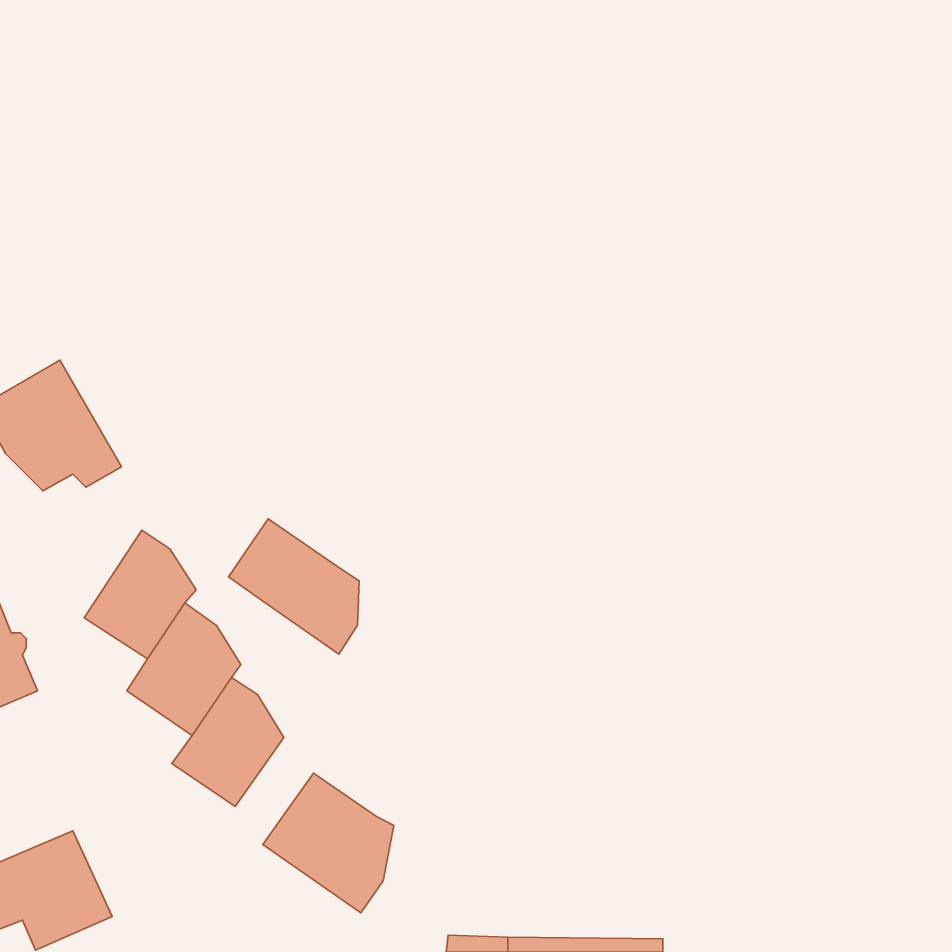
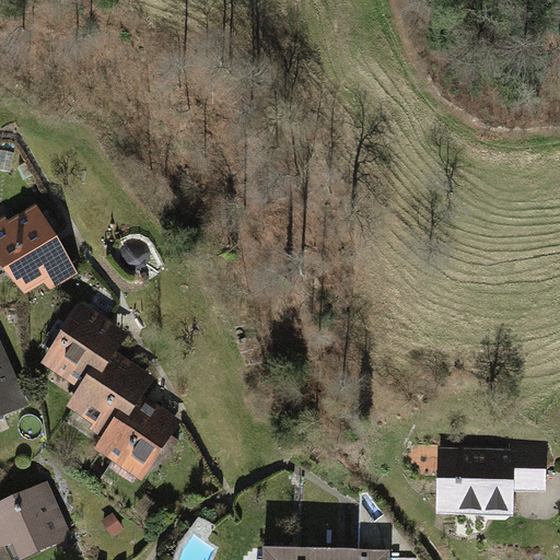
building: [229,519,359,654] -> none
building: none -> [439,445,545,510]
building: [263,773,394,913] -> none

